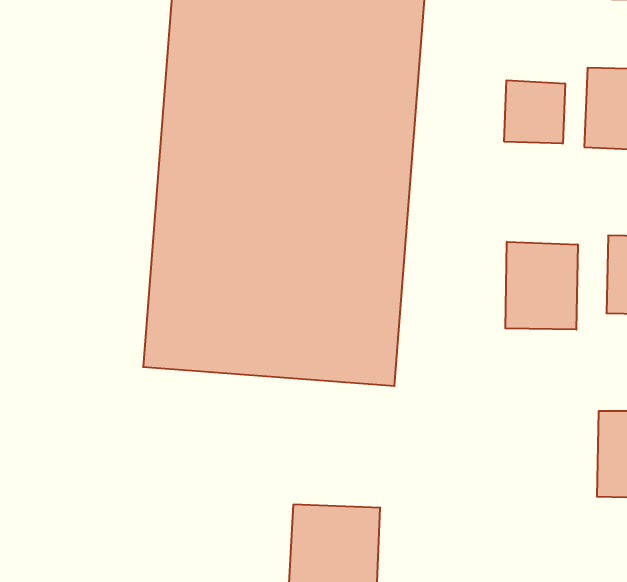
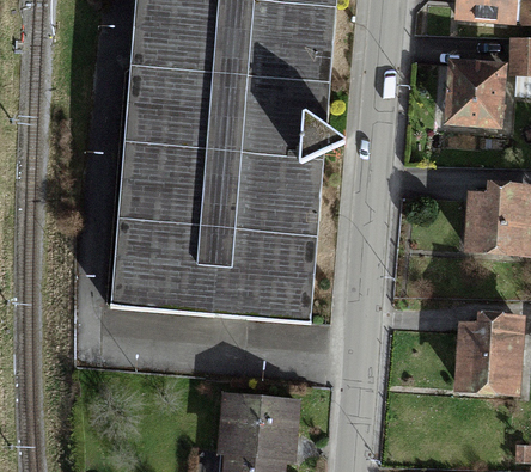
building: [504,80,565,144] -> none
building: [505,242,578,330] -> none

